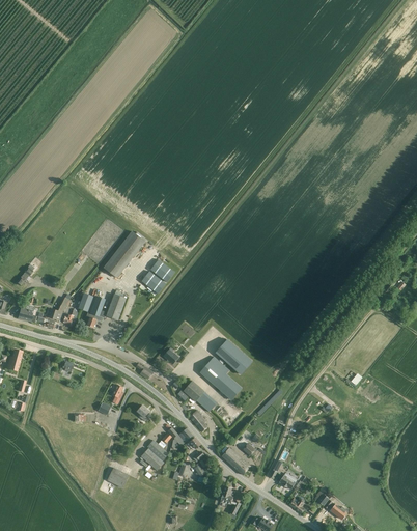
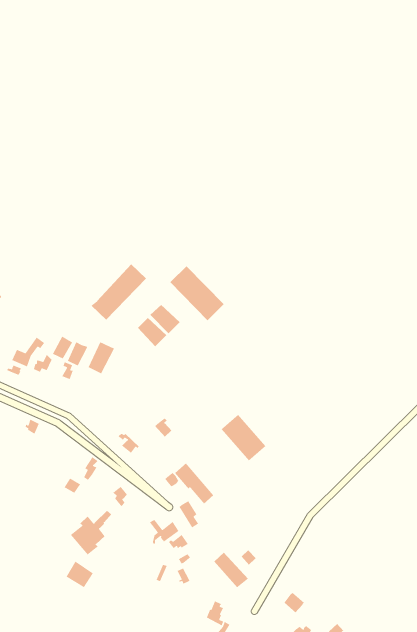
building: none -> [169,265,224,321]
building: [199,356,241,399] -> none
building: [140,432,171,470] -> [70,510,112,555]

